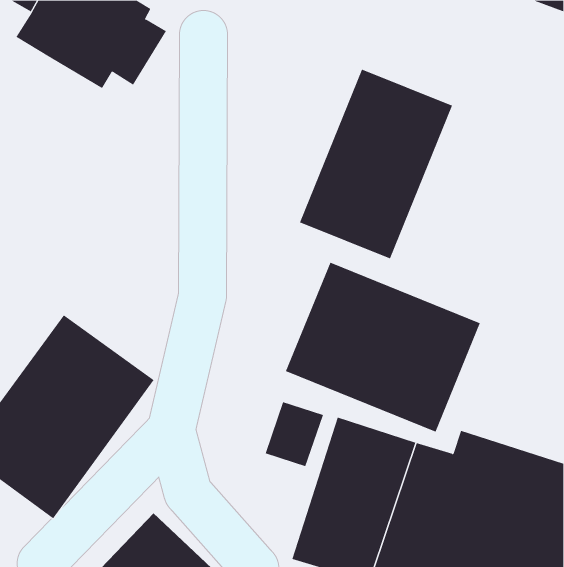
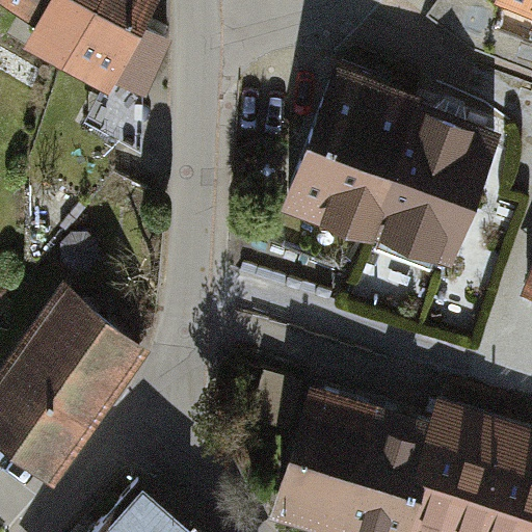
building: none -> [365,100,507,277]
building: [285,262,481,433] -> none

